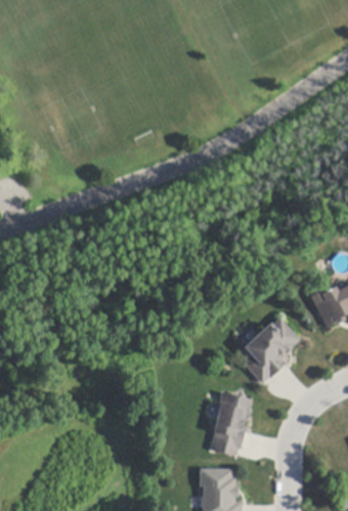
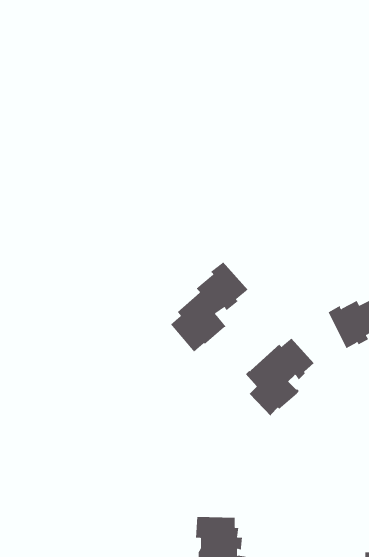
building: none -> [170,261,248,352]
building: [211,390,252,455] -> none

